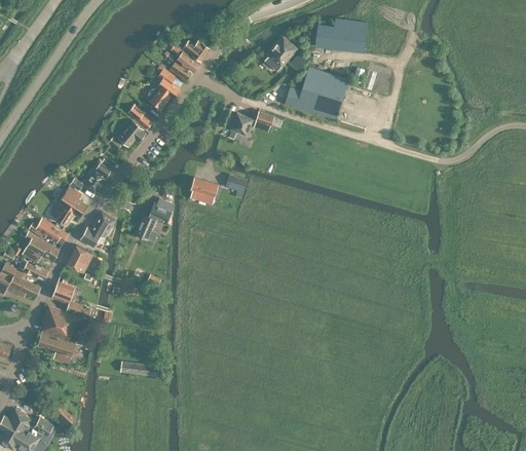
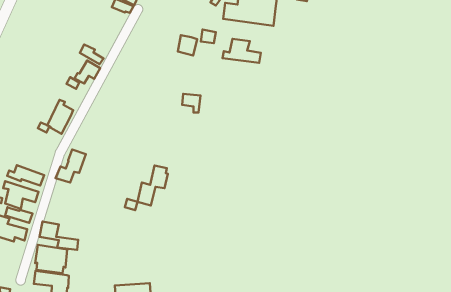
building: [148,68,181,109] -> none
building: none -> [222,39,261,63]
building: [190,177,218,203] -> none
building: [55,188,86,224] -> none
building: [135,198,172,239] -> [137,165,168,205]
building: [66,246,92,272] -> none

